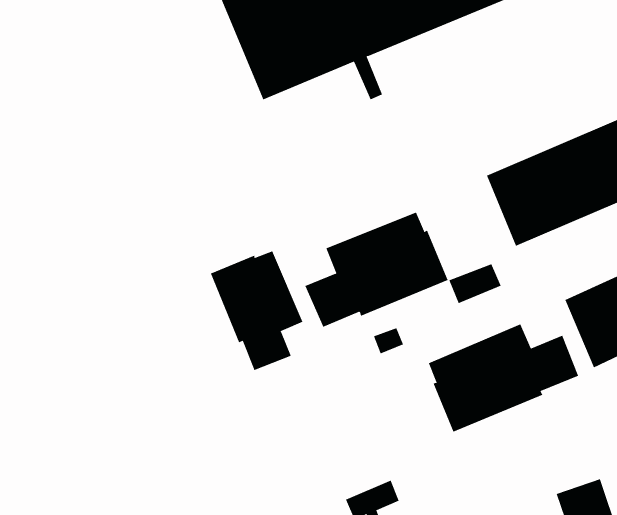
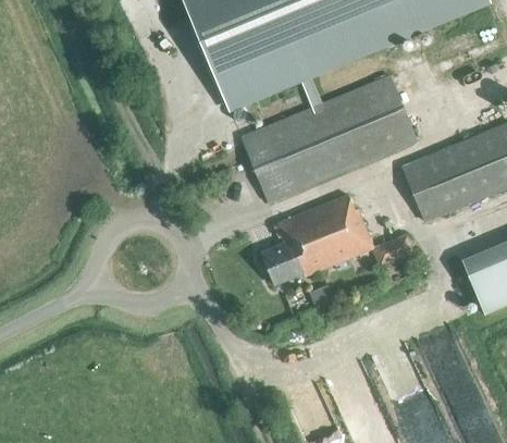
building: none -> [242,75,417,202]
building: [210,250,303,371] -> none
building: [428,324,579,433] -> none

